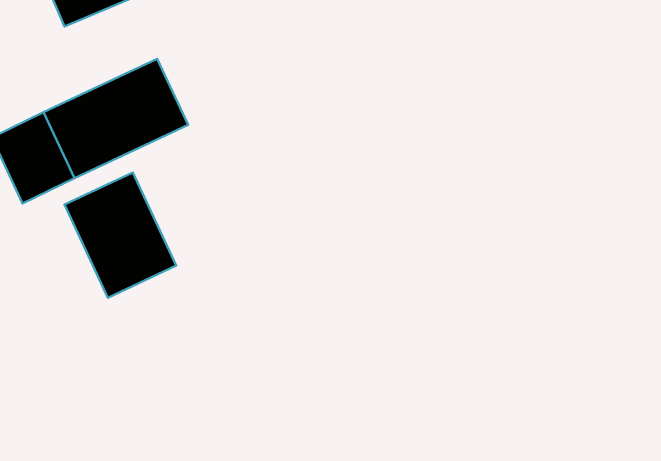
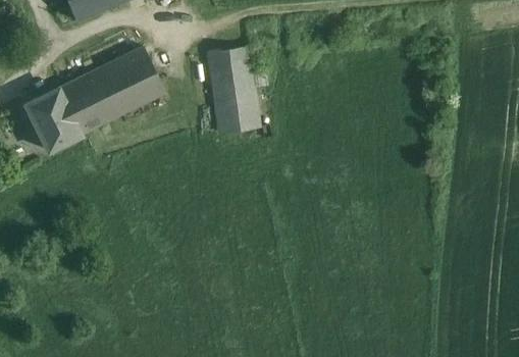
building: none -> [209,45,261,132]
building: [64,173,176,298] -> none

